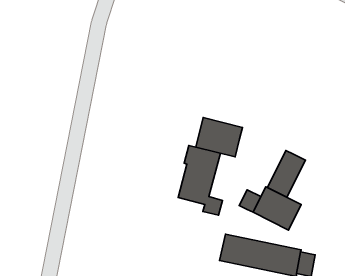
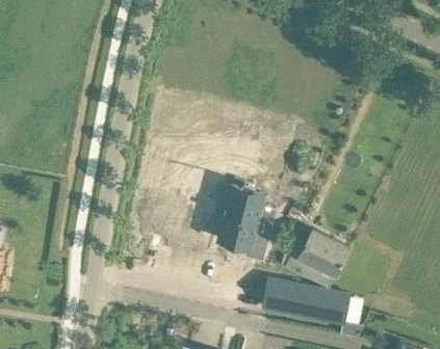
building: [196,118,242,157] -> none
building: [267,150,305,197] -> none

